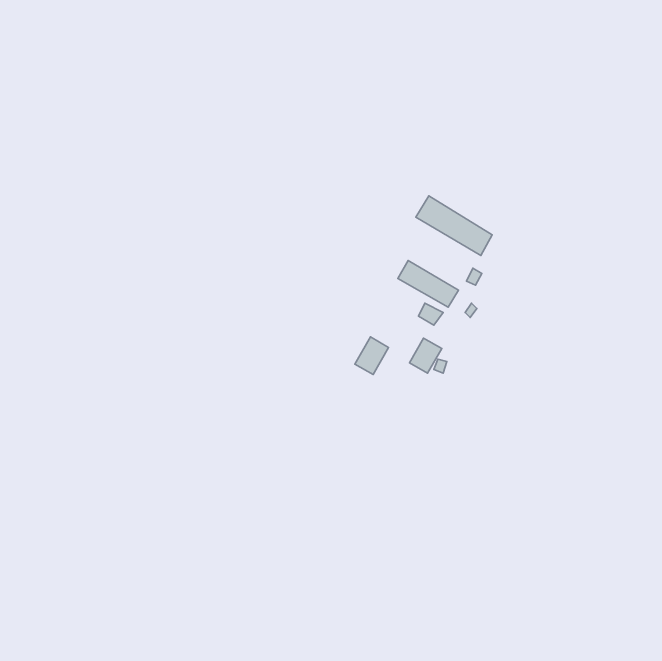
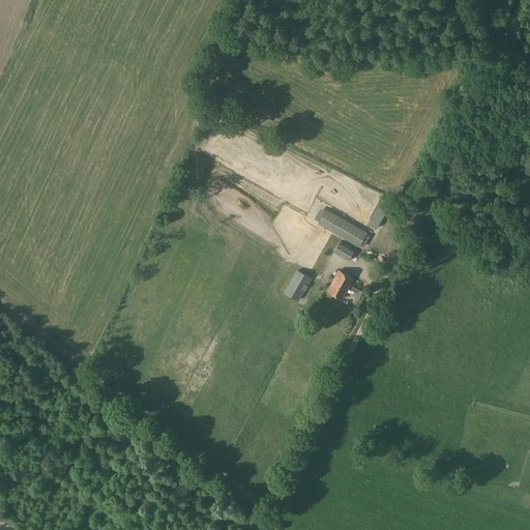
building: [416,196,492,255] -> none

